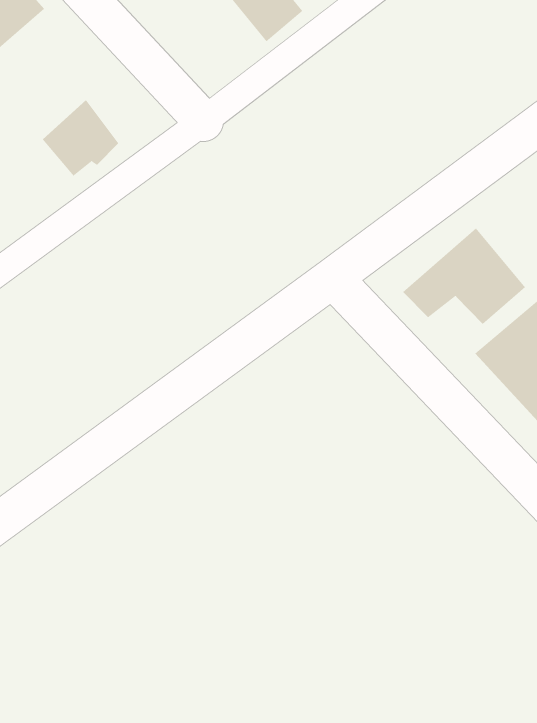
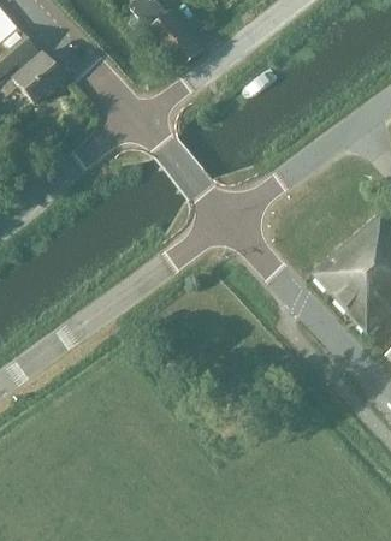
building: [42,99,119,176] -> [12,50,63,101]
building: [402,228,526,325] -> none

